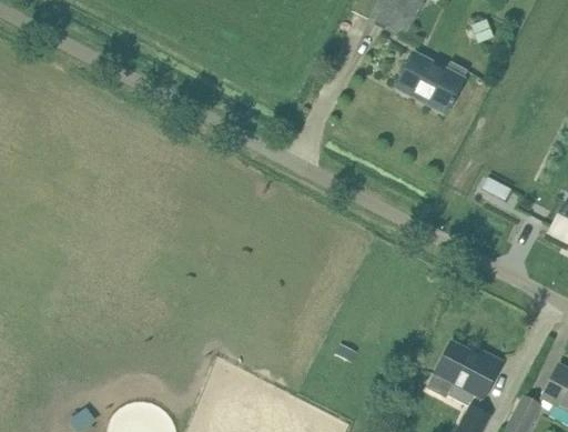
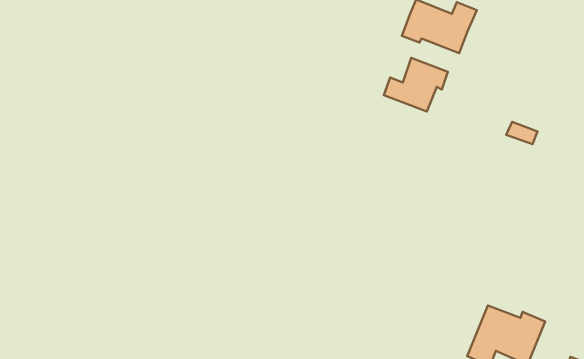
building: none -> [384,58,448,111]

